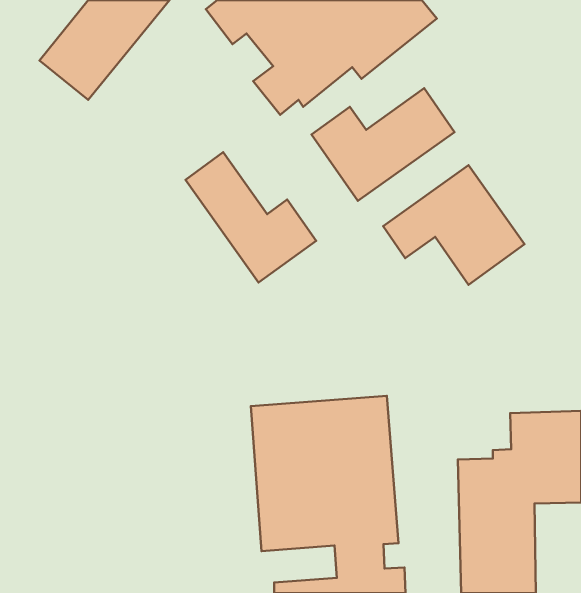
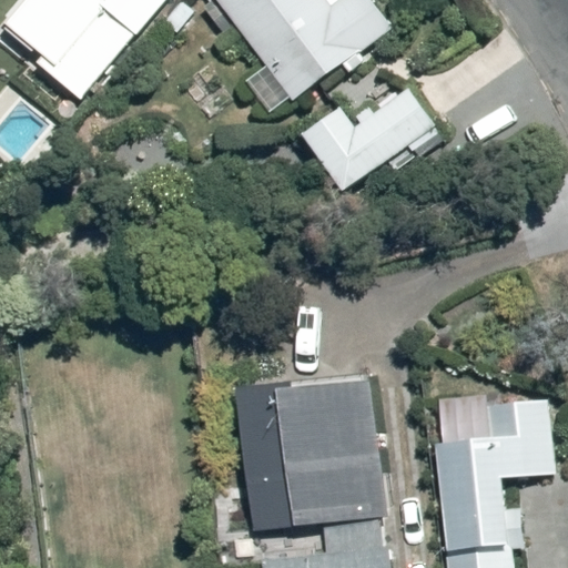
building: [186,152,316,282] -> none
building: [383,165,525,285] -> none

